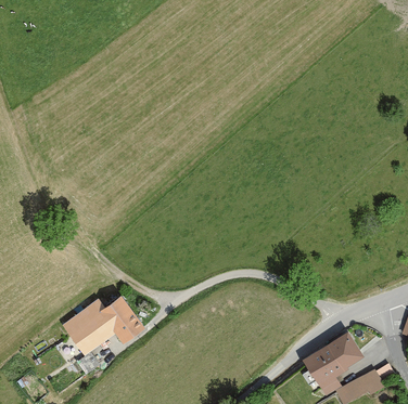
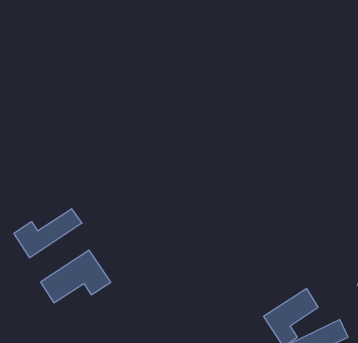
building: none -> [14,209,82,258]

